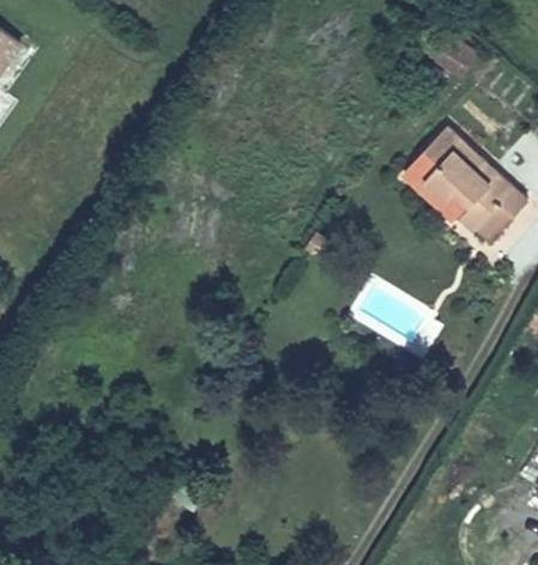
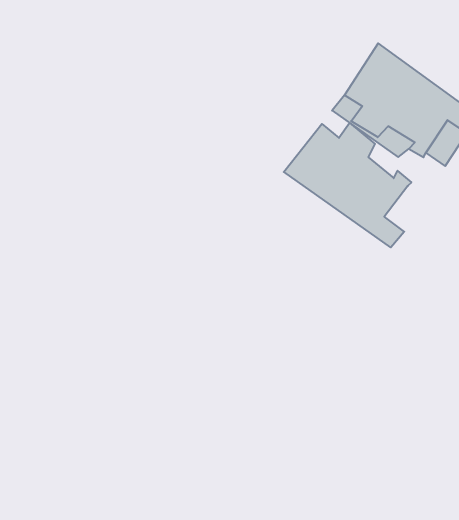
building: none -> [284,123,411,247]

